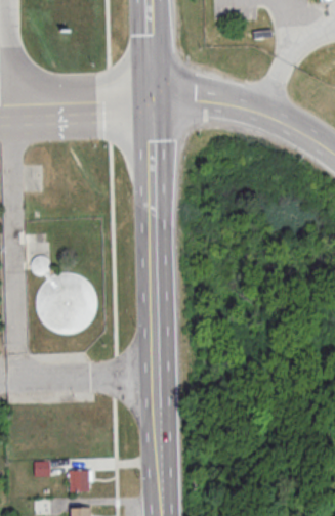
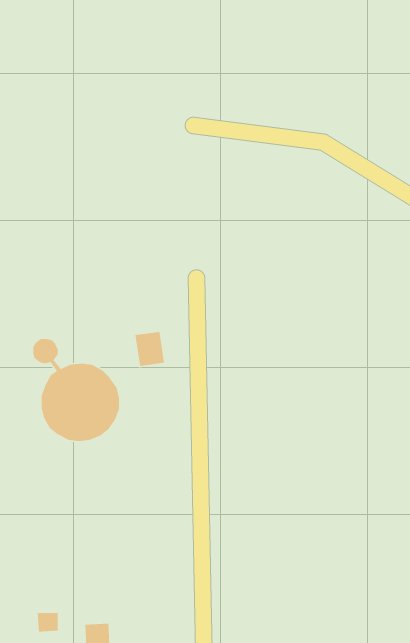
building: none -> [135,331,165,367]

